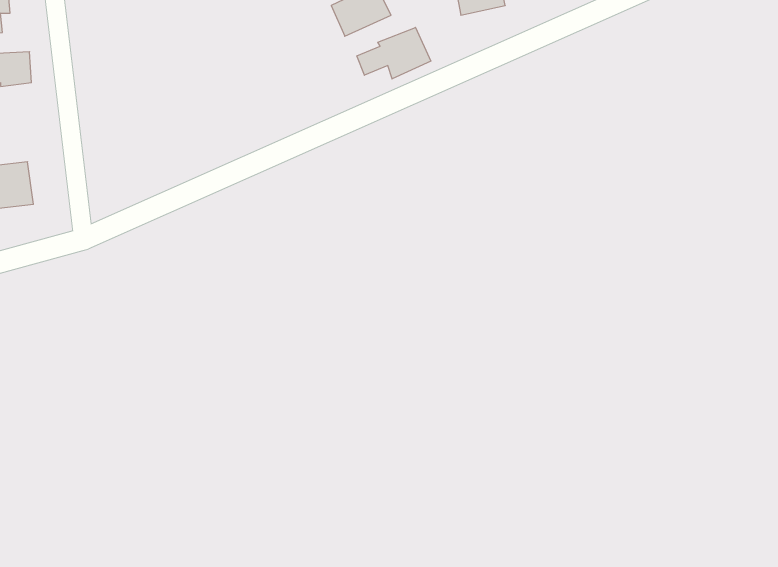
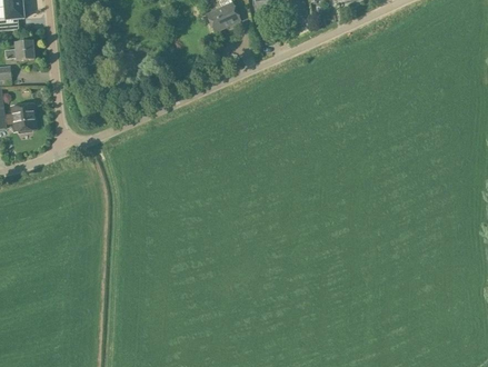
building: [357,27,431,79] -> none

